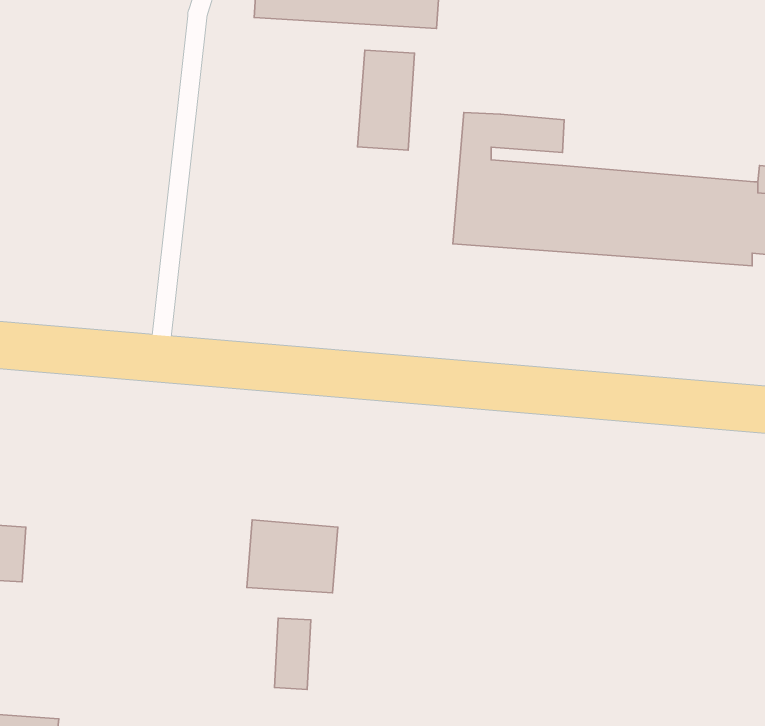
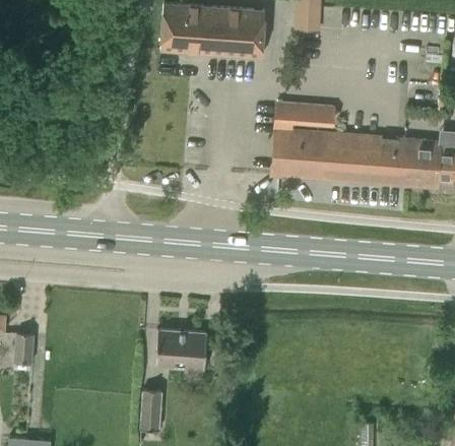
building: [357,50,414,150] -> none
building: [274,618,311,689] -> [141,388,161,428]

